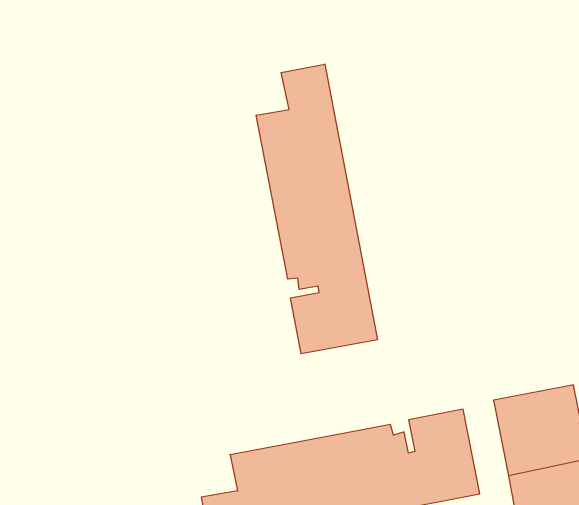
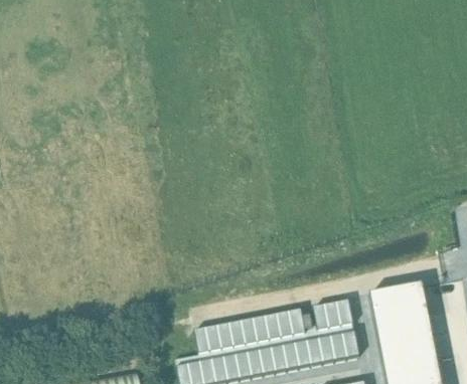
building: [256,64,377,354] -> none

